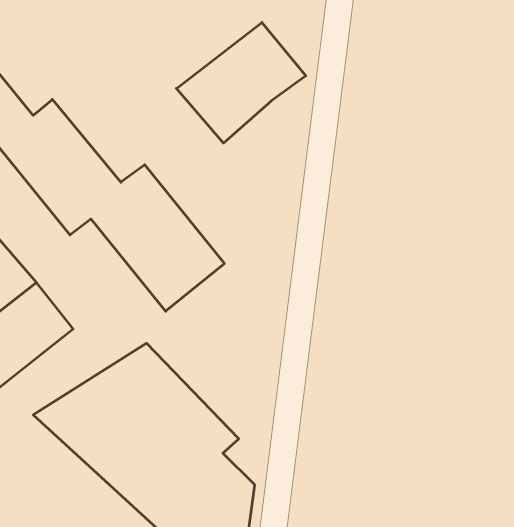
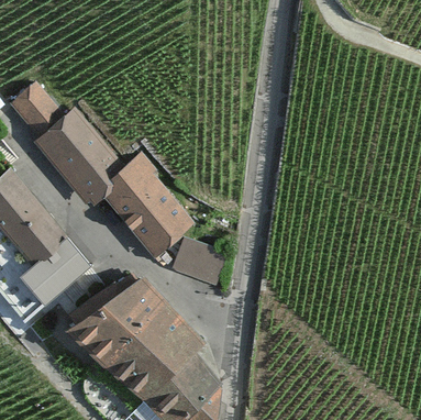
building: [176,22,306,143] -> none
building: none -> [174,239,221,278]

